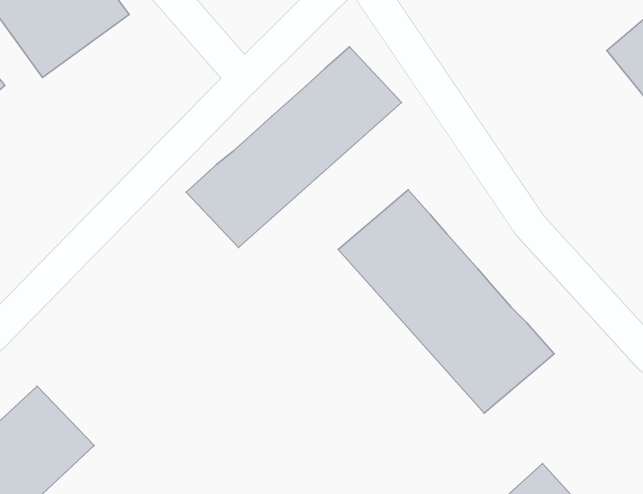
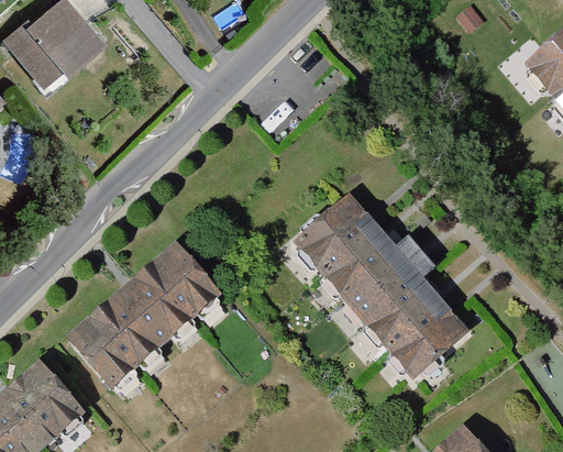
building: [186,47,402,248] -> none
building: none -> [66,242,221,388]

